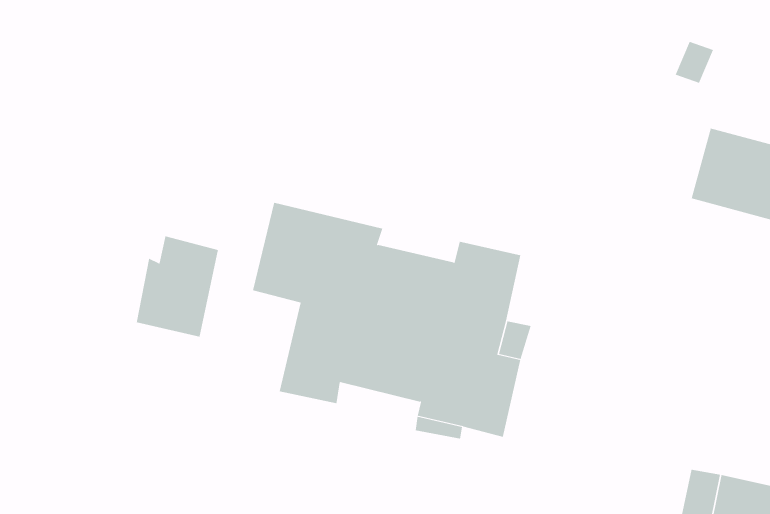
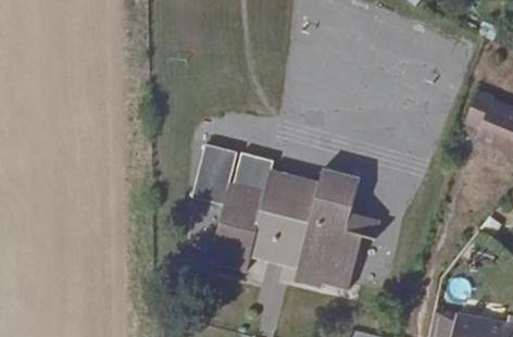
building: [136,236,218,338] -> none

